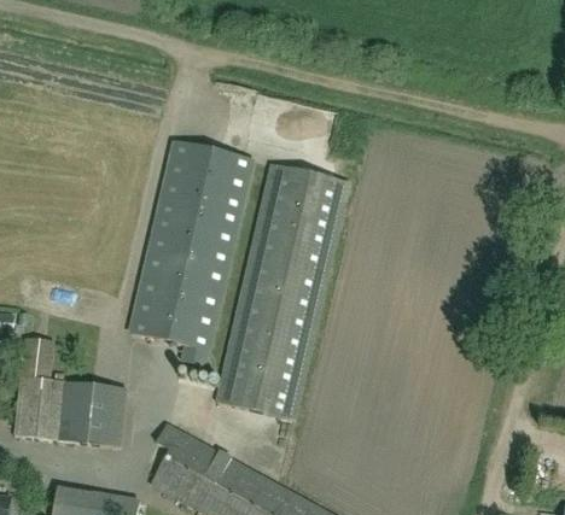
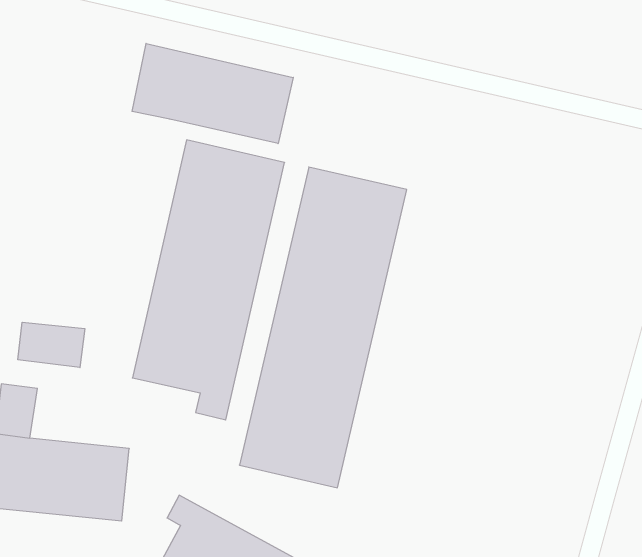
building: none -> [132,43,293,144]
building: none -> [18,322,85,368]

